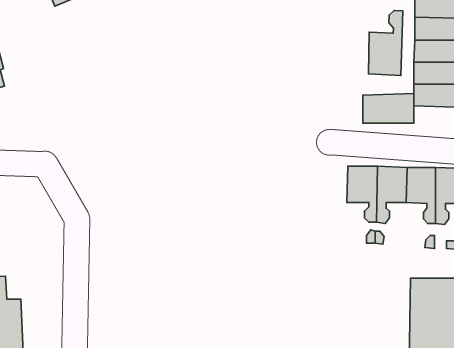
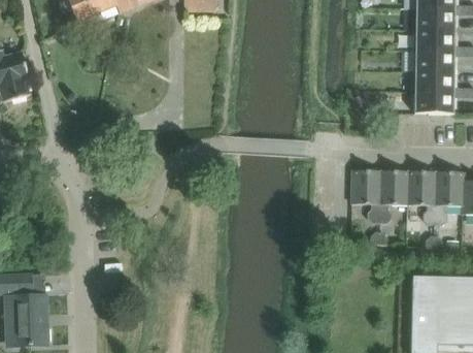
building: [368,10,403,75] -> none
building: [363,94,414,123] -> none

